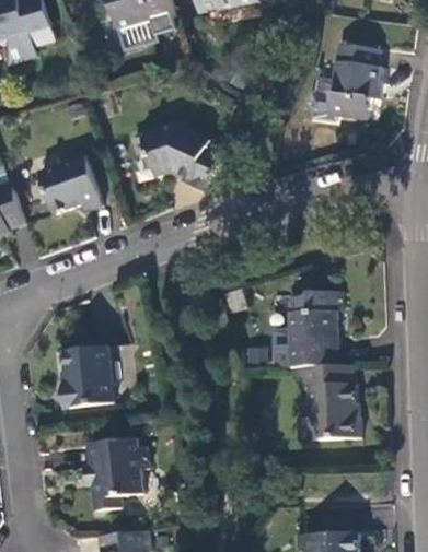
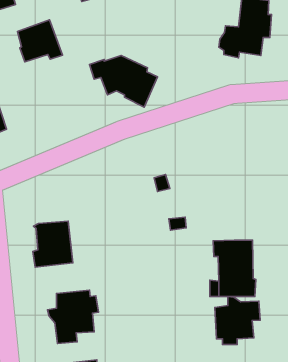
building: [43,155,103,211] -> [17,20,62,62]
building: [271,297,336,371] -> none
building: none -> [215,297,260,344]

